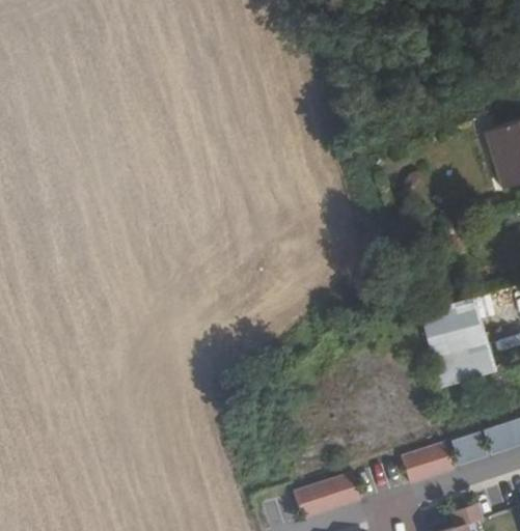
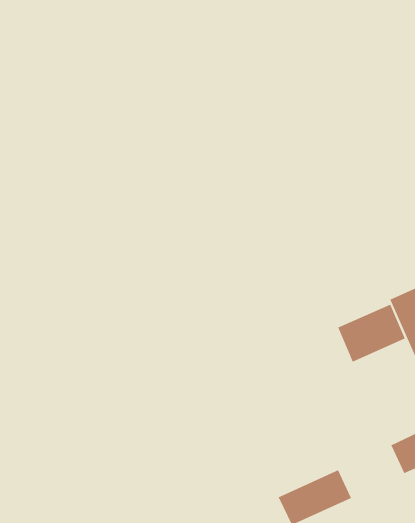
building: none -> [338,304,406,362]

